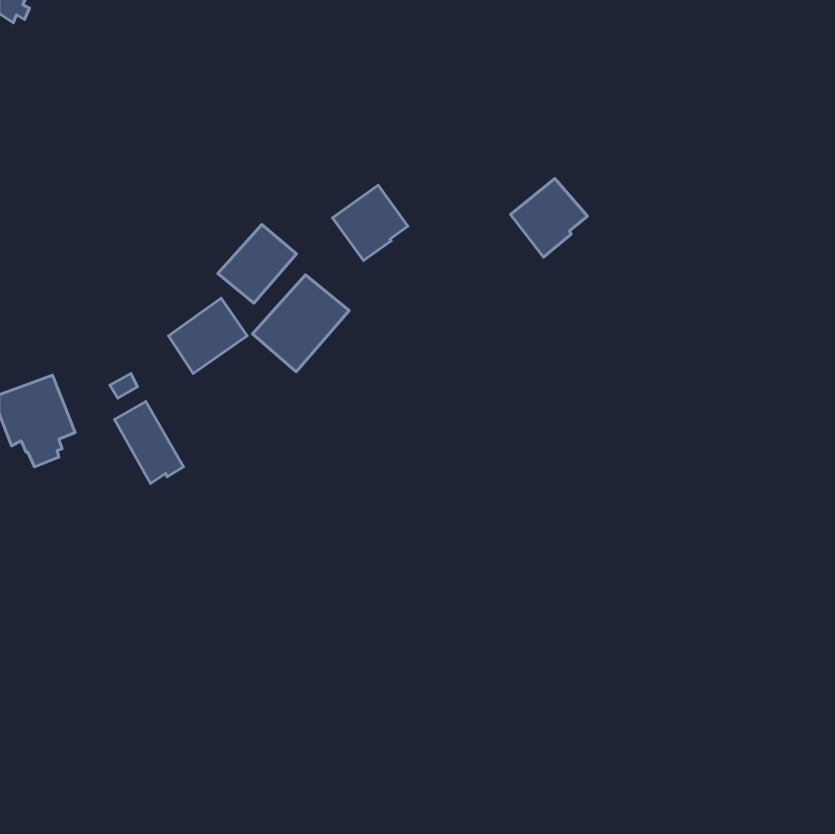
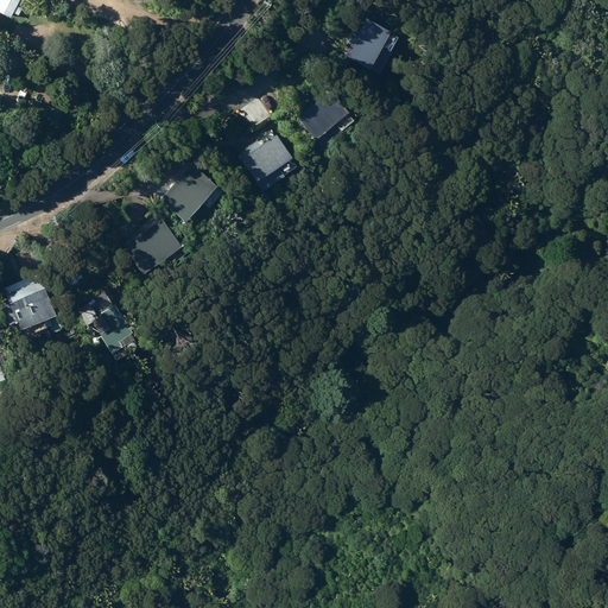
building: none -> [344,18,398,72]
building: [511,178,588,257] -> [297,90,353,147]
building: [253,275,349,372] -> none

